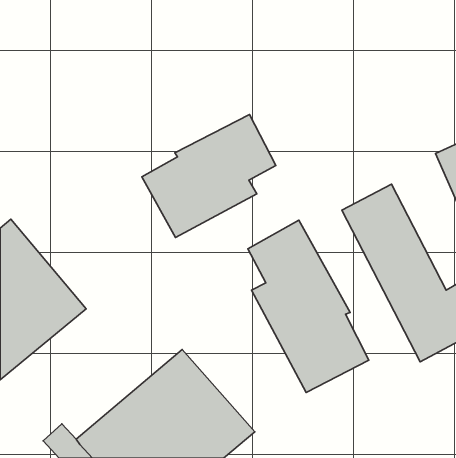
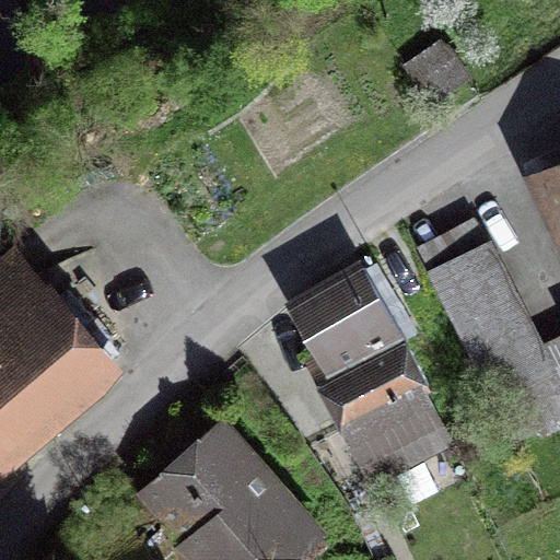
building: [142,114,276,238] -> none

